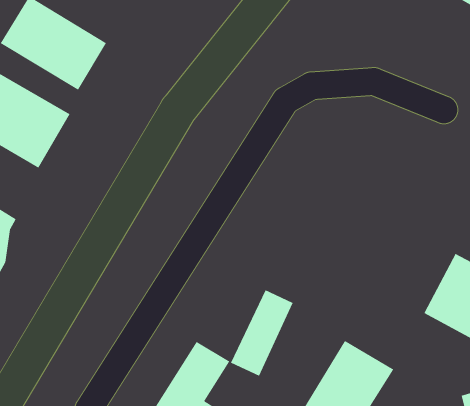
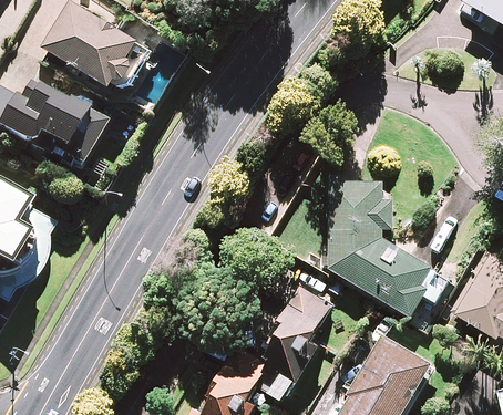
building: none -> [330,179,454,326]

